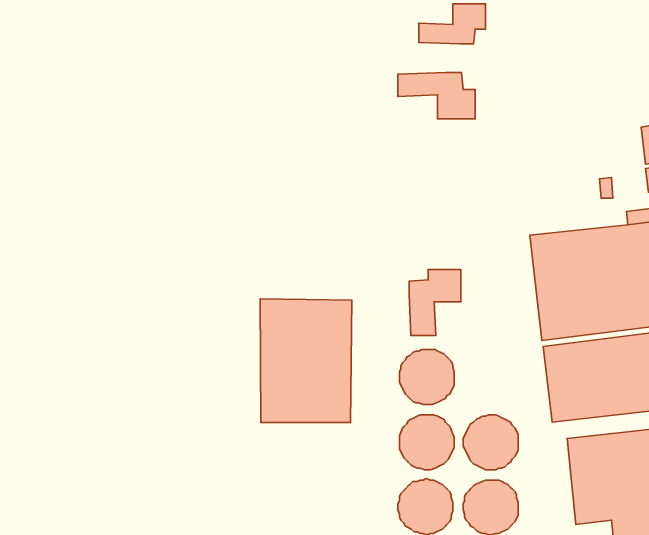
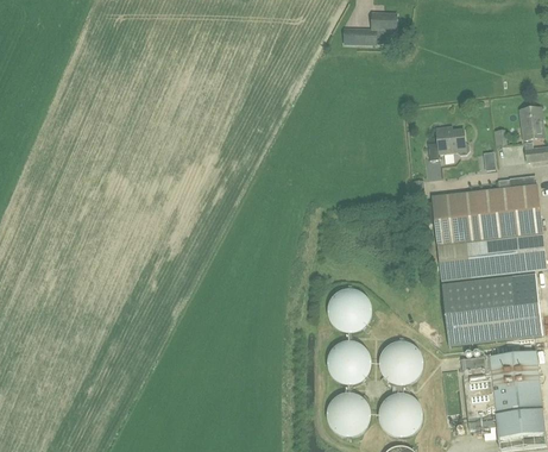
building: [398,72,475,119] -> none
building: none -> [427,126,470,159]
building: [409,269,461,336] -> none
building: [260,299,352,422] -> none

